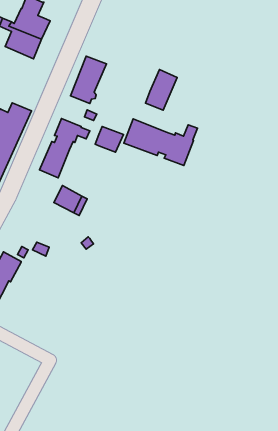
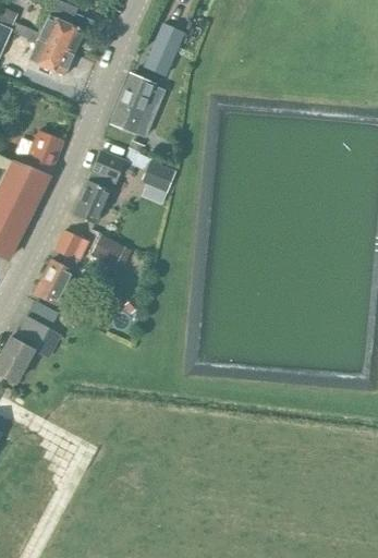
building: [145,70,177,110] -> [145,24,184,74]
building: [124,119,197,166] -> none
building: none -> [34,231,80,304]

